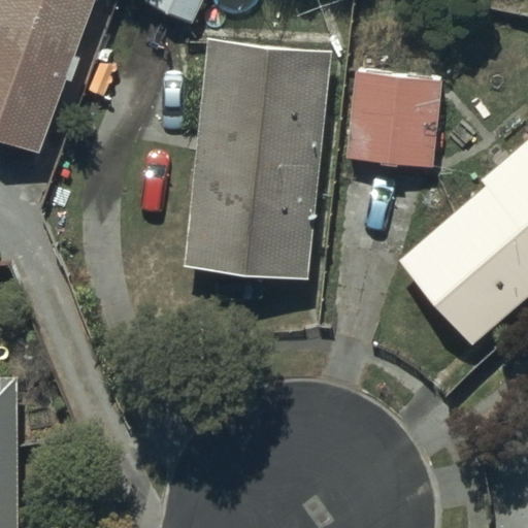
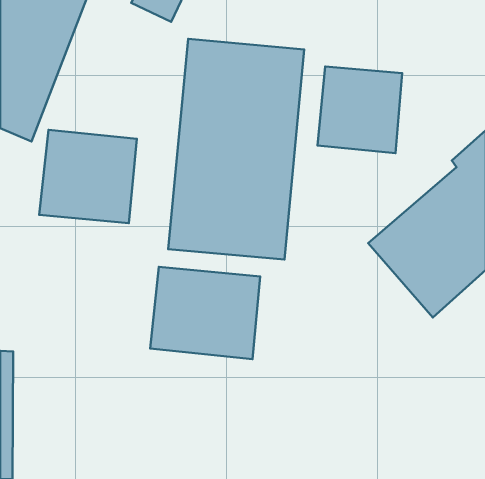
building: none -> [39,130,137,223]
building: none -> [150,267,260,359]

